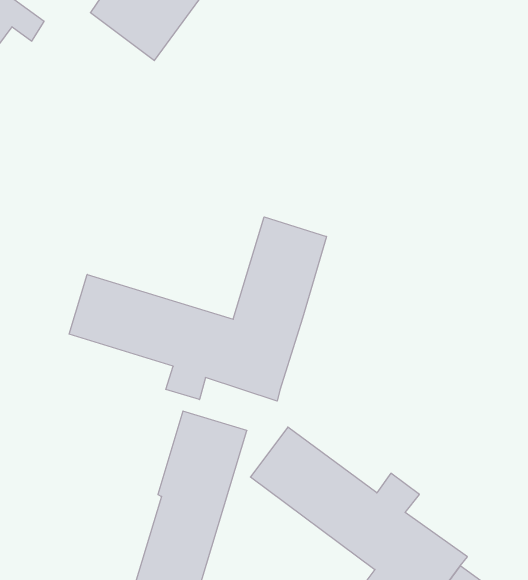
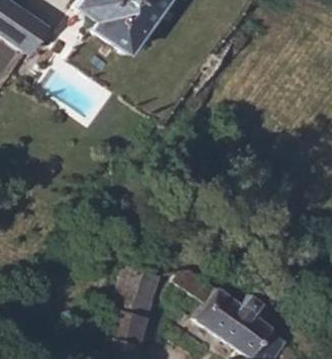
building: [69,217,326,401] -> none

